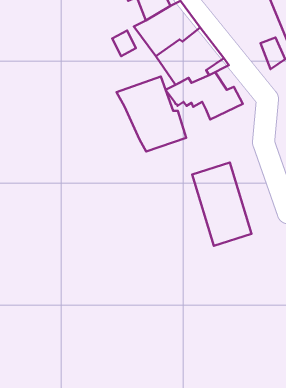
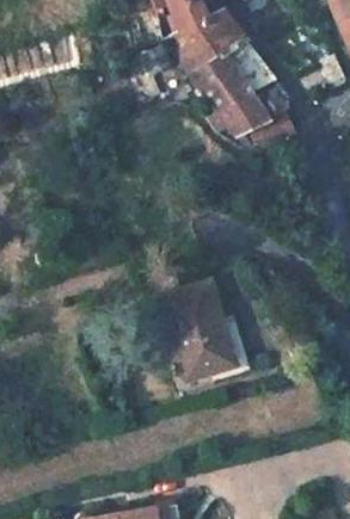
building: [117,77,186,152] -> none
building: [192,163,252,246] -> [161,280,233,381]

